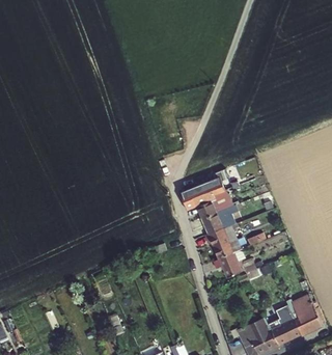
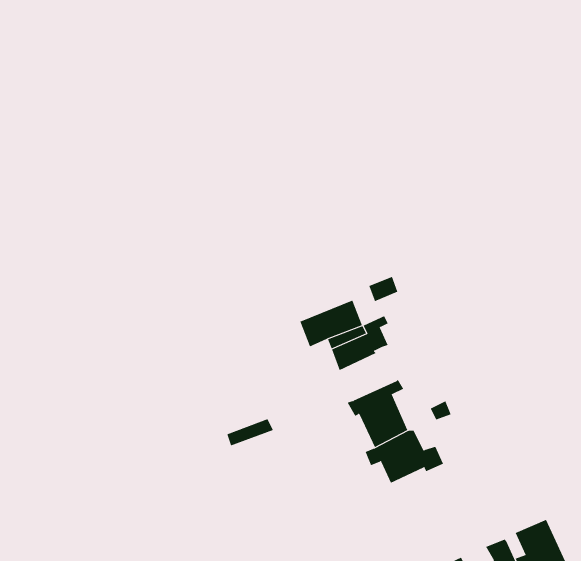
building: [202,208,232,236] -> none

